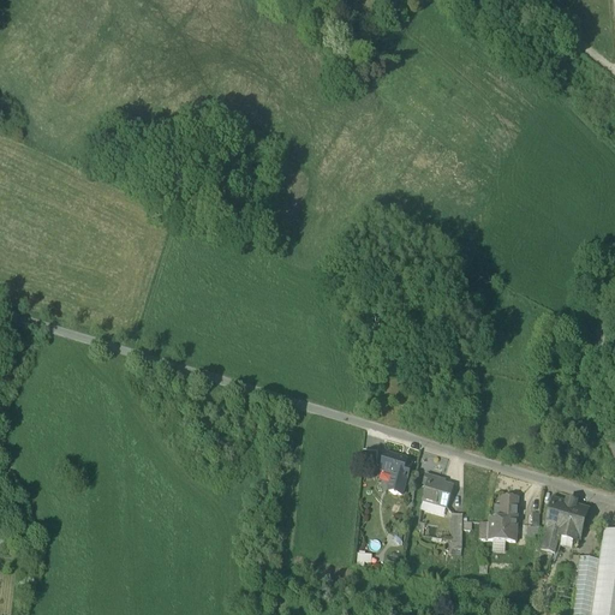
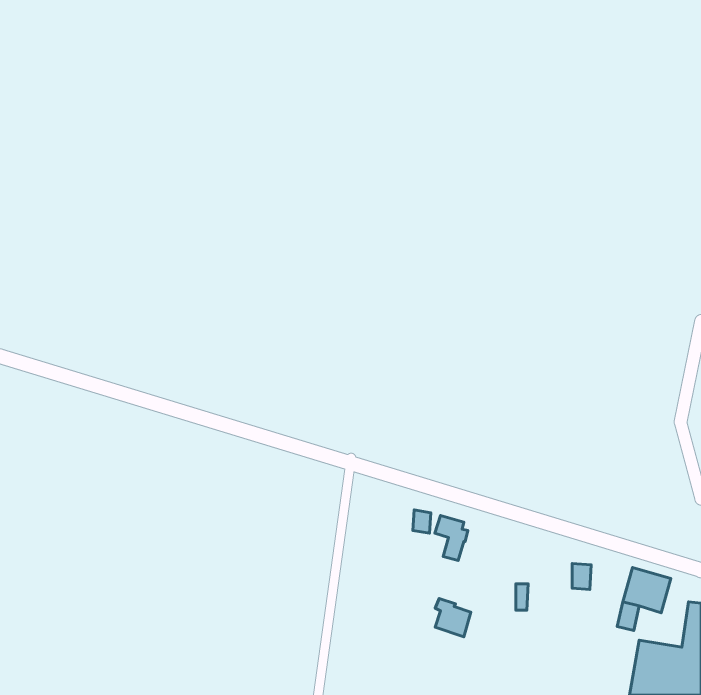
building: [422,472,453,506] -> [435,598,471,637]
building: [489,515,517,539] -> none

